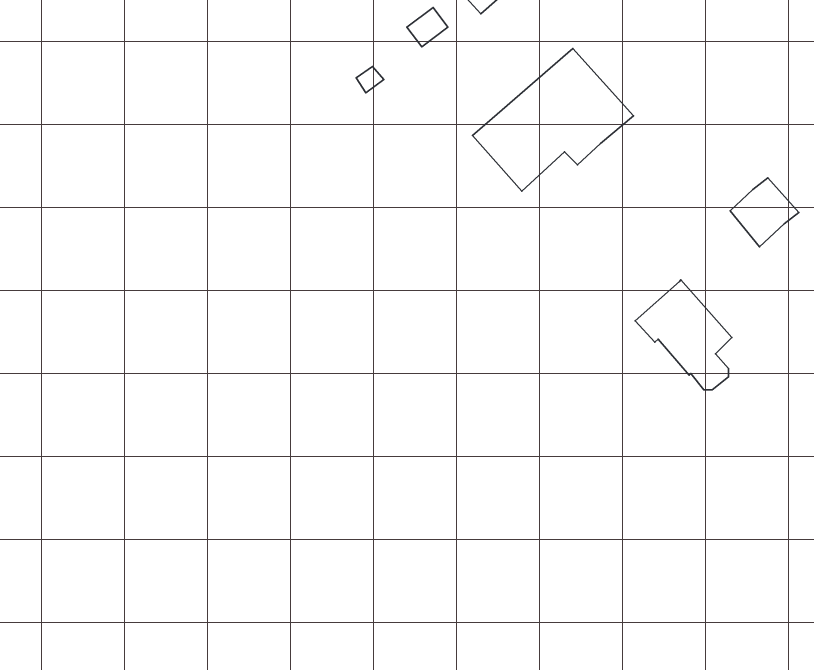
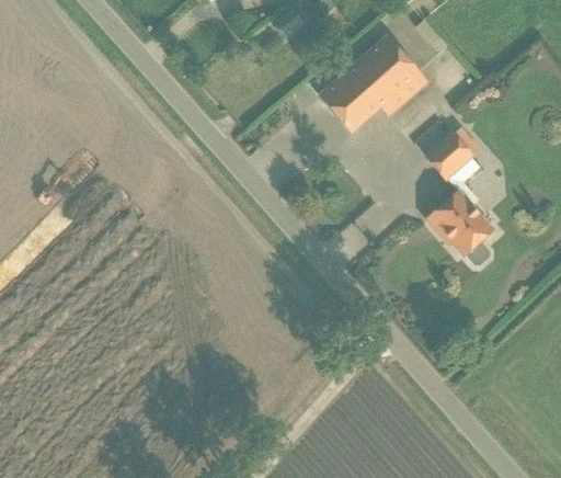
building: [730,178,799,247] -> [427,132,473,178]

